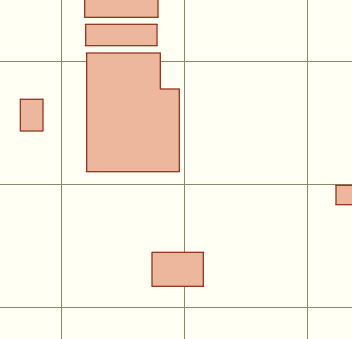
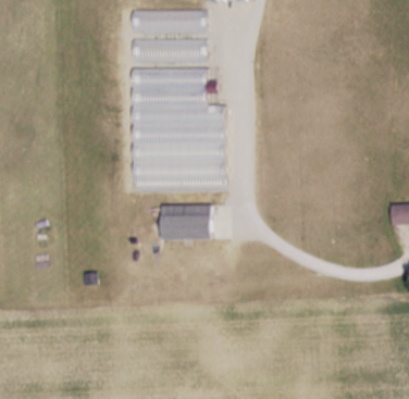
building: [20,99,43,131] -> none
building: [152,252,204,286] -> [159,203,212,238]

